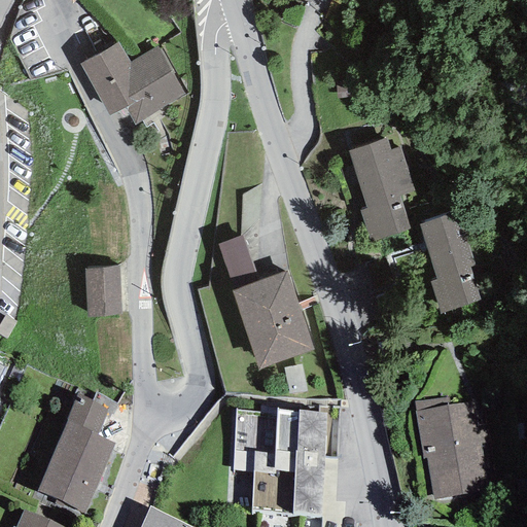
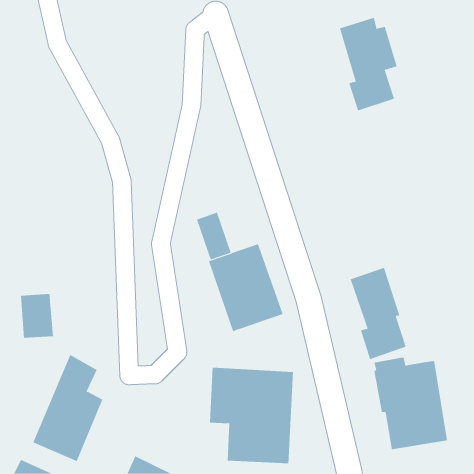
building: [80,42,185,124] -> none
building: [349,137,414,241] -> [339,17,398,111]
building: [419,211,482,314] -> [350,267,407,360]
building: [85,267,122,316] -> [20,294,54,338]

